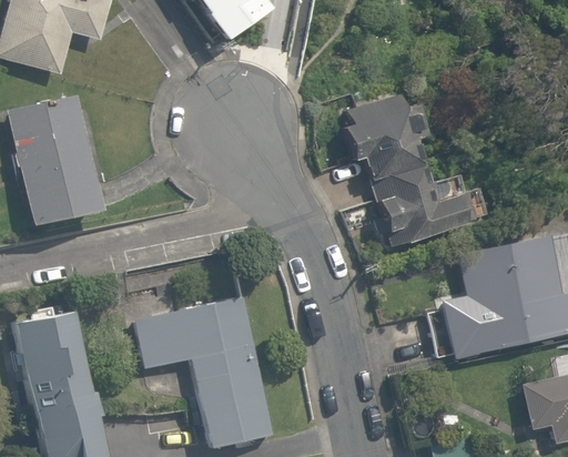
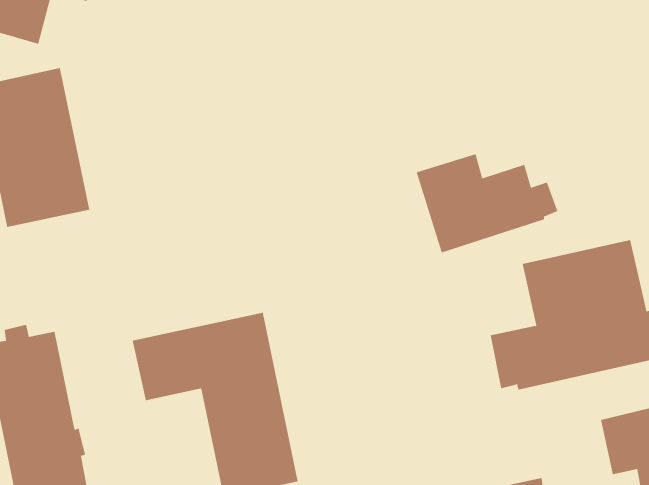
building: [344,95,424,181] -> none

